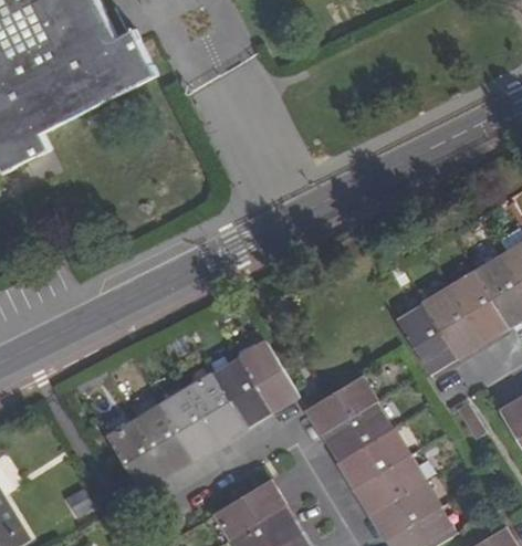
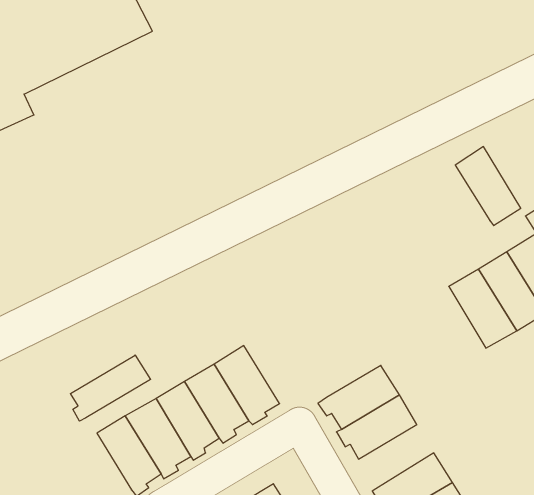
building: [397,305,456,376] -> [455,147,521,226]
building: [239,343,296,412] -> none
building: none -> [70,355,151,421]
building: [337,429,409,486] -> none

